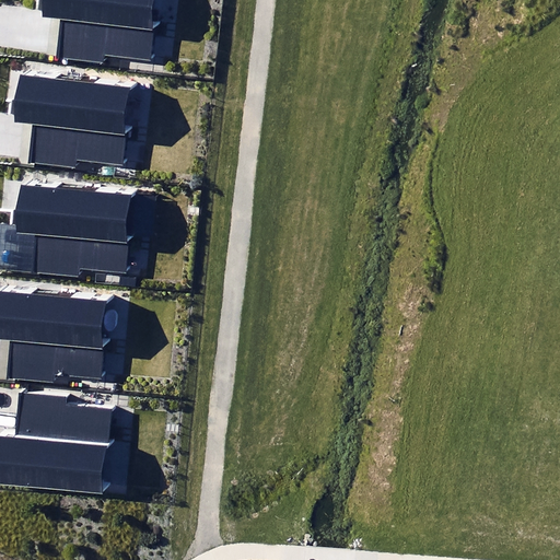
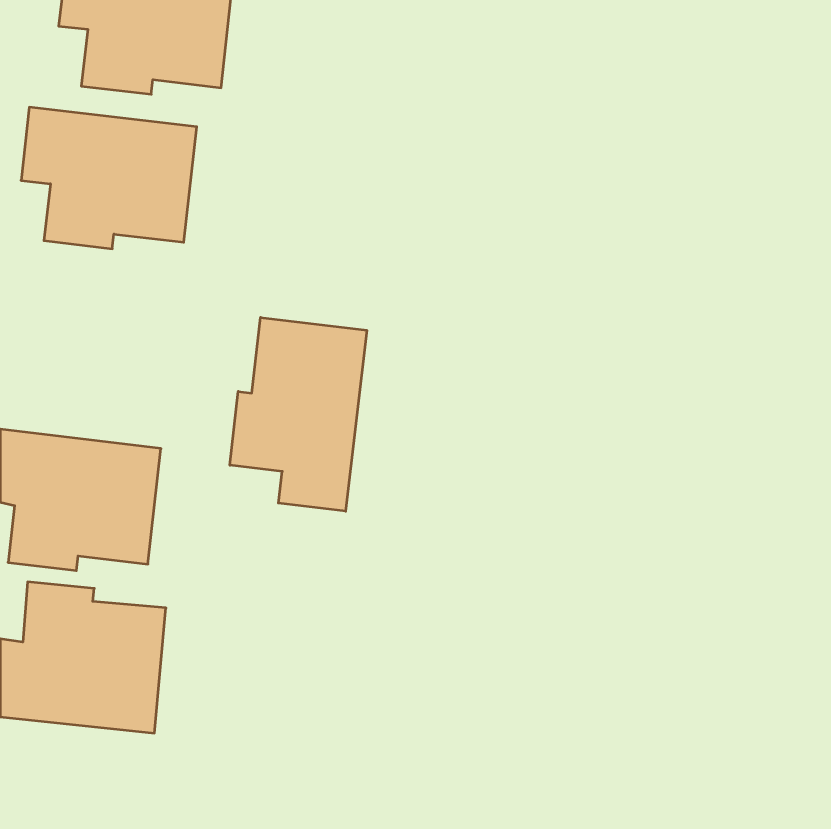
building: [15,182,133,277] -> none
building: none -> [230,317,367,511]

